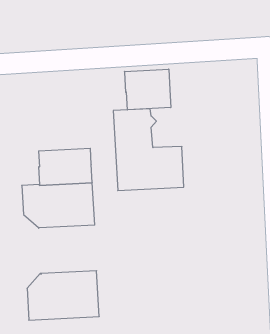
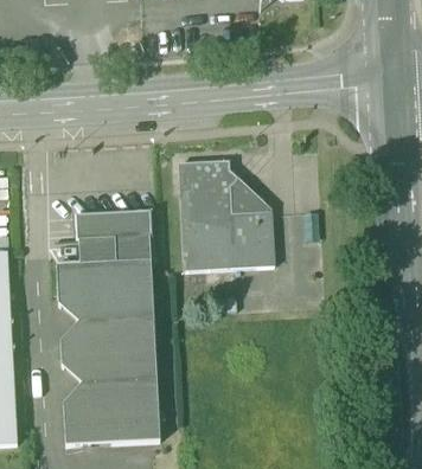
building: [125,69,171,110] -> none
building: none -> [60,315,156,381]

